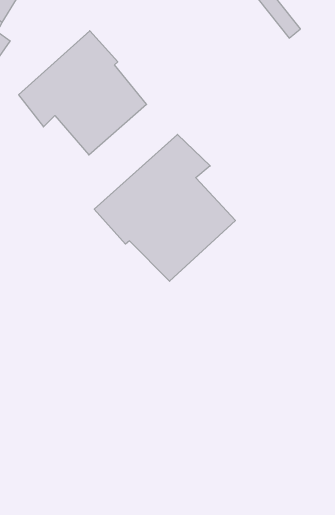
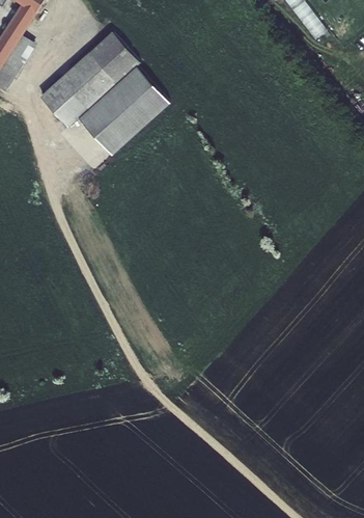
building: [94,134,235,281] -> none

